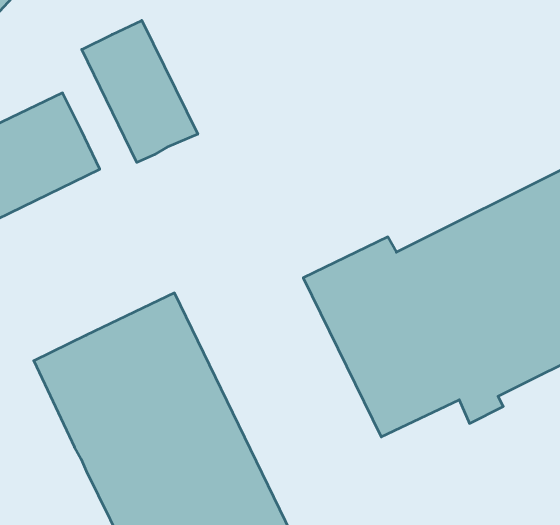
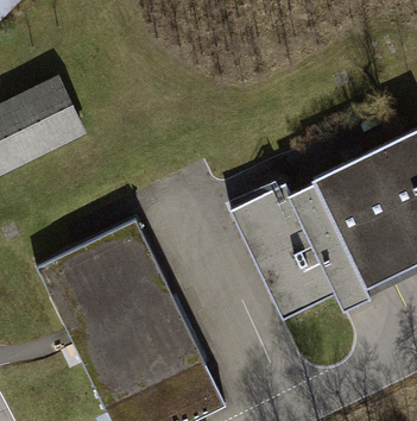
building: [82,20,198,162] -> none

